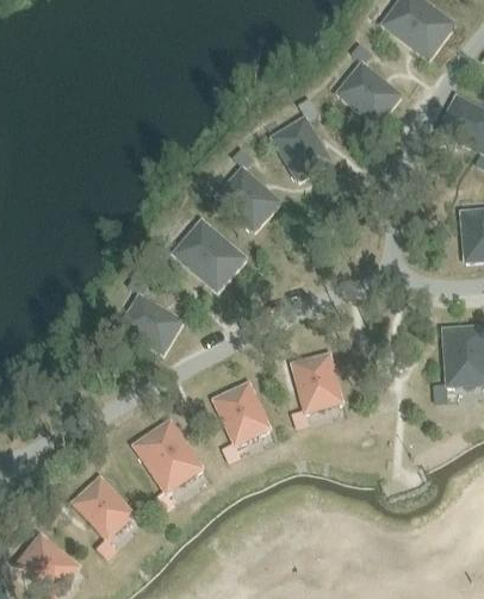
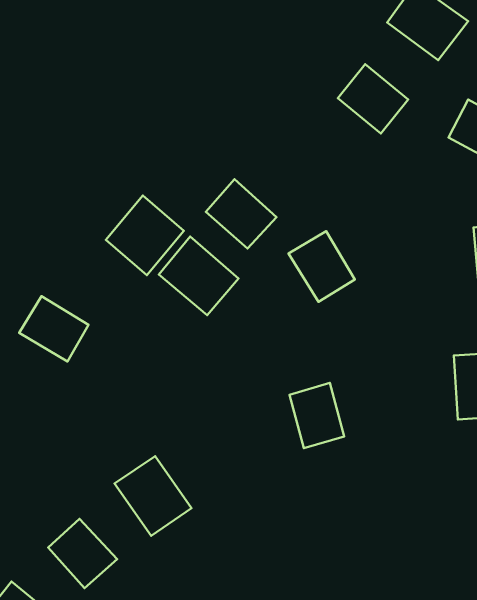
building: [271,117,331,181] -> [288,231,355,302]
building: none -> [106,196,184,275]
building: [119,294,182,354] -> [19,296,88,361]
building: [213,382,269,444] -> none

